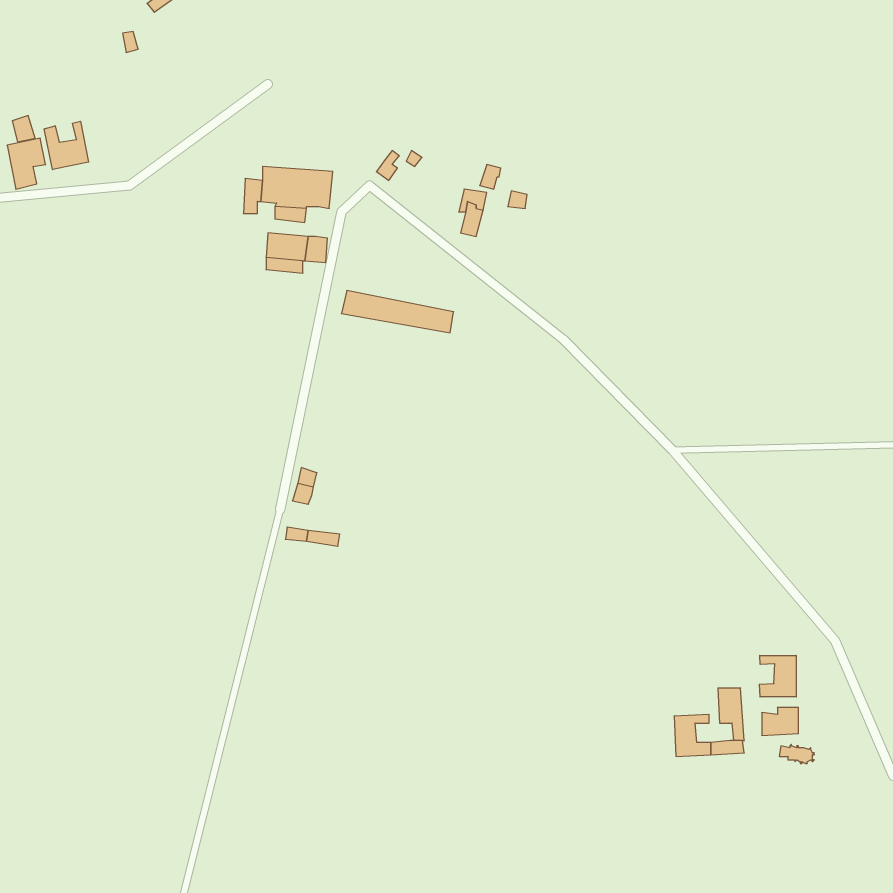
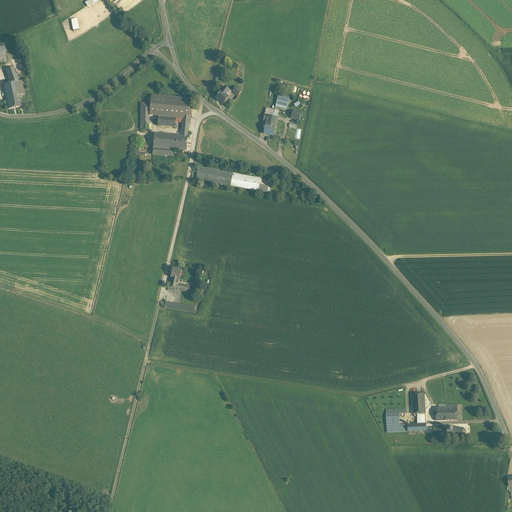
building: [44,121,89,170] -> none
building: [759,655,796,697] -> none

